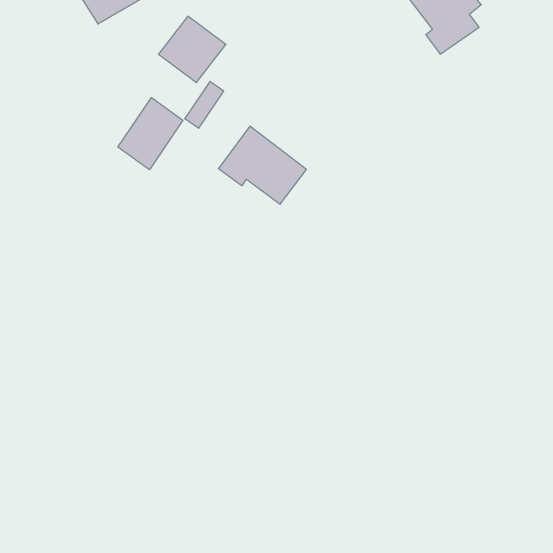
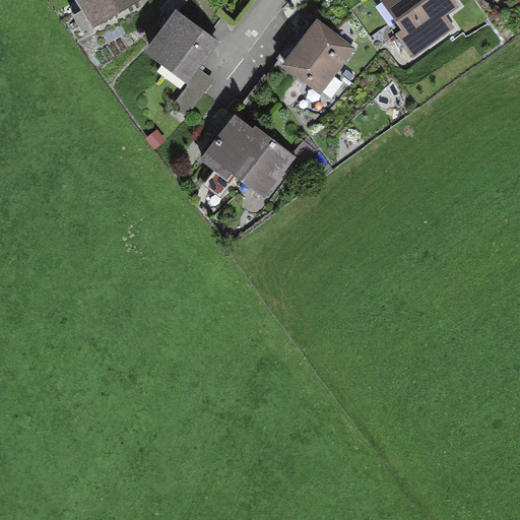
building: none -> [284,22,348,88]
building: [118,98,183,170] -> none

